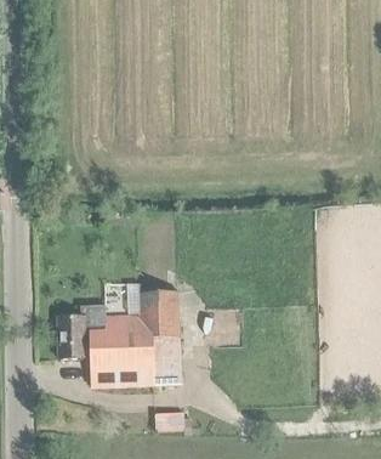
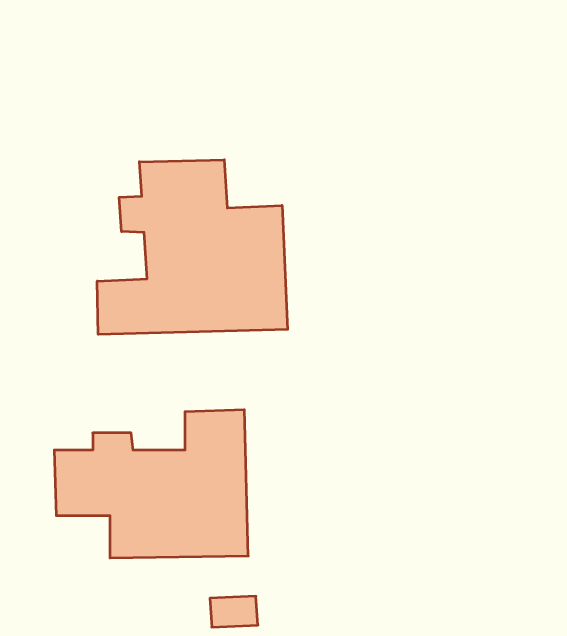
building: none -> [97,160,288,334]

